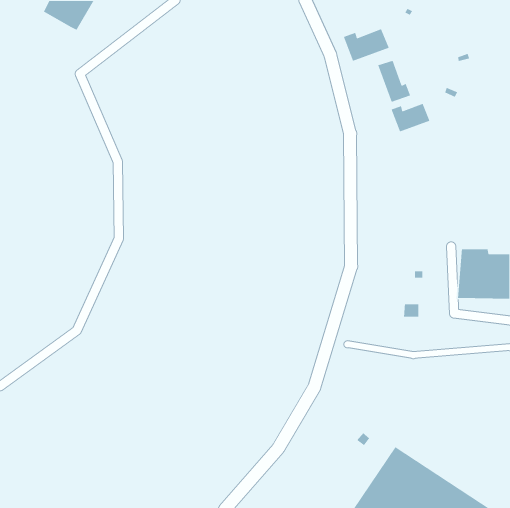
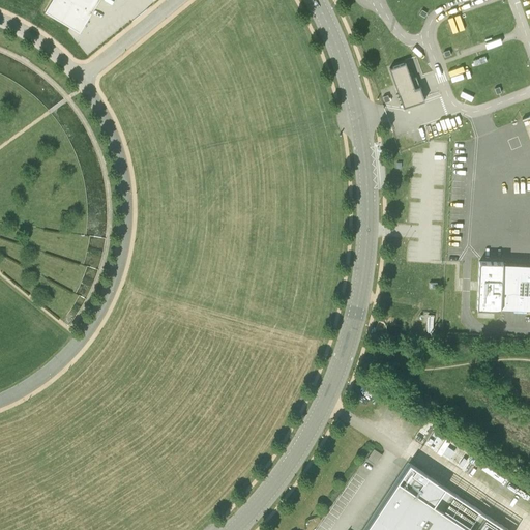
building: [343,28,390,62] -> none
building: [391,103,431,133] -> none

